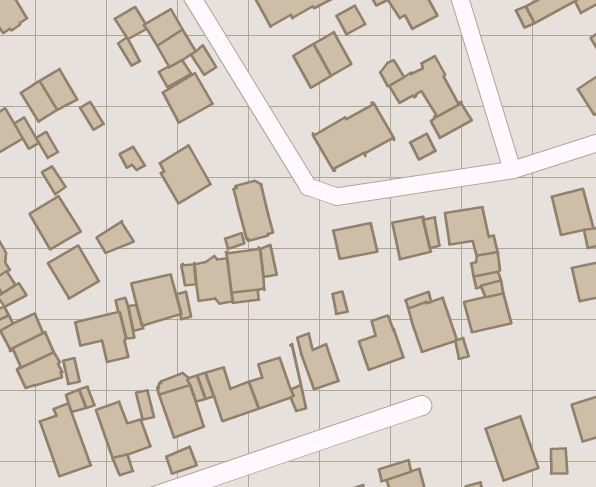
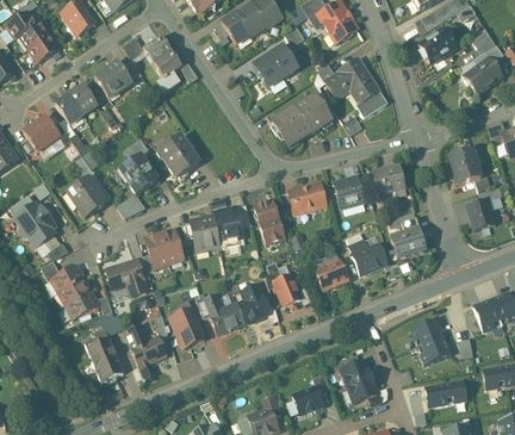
building: none -> [420,25,457,62]
building: [163,73,213,123] -> [95,60,132,97]
building: [233,181,273,241] -> [254,199,285,243]
building: [48,246,99,299] -> [119,154,157,193]

